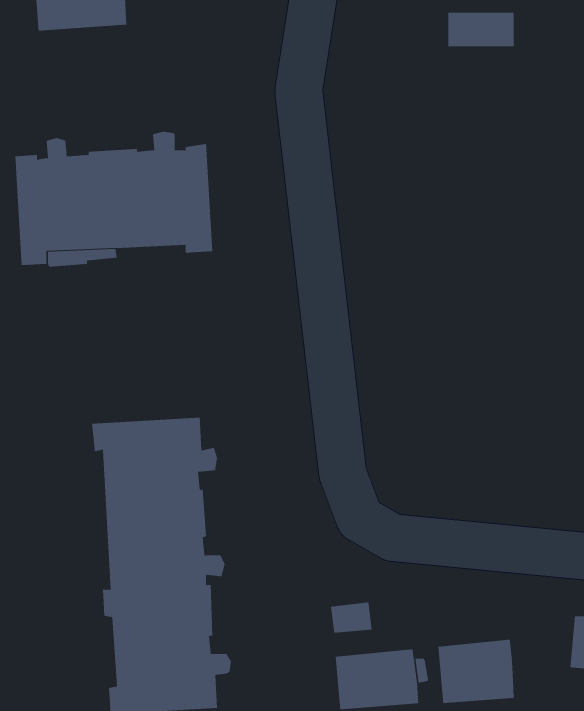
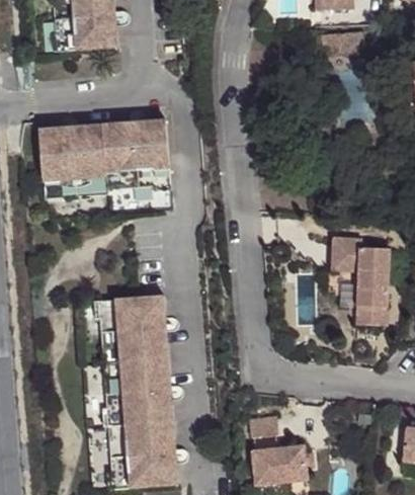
building: none -> [330,235,388,323]
building: [438,639,514,704] -> none

